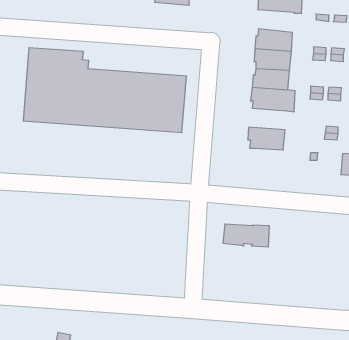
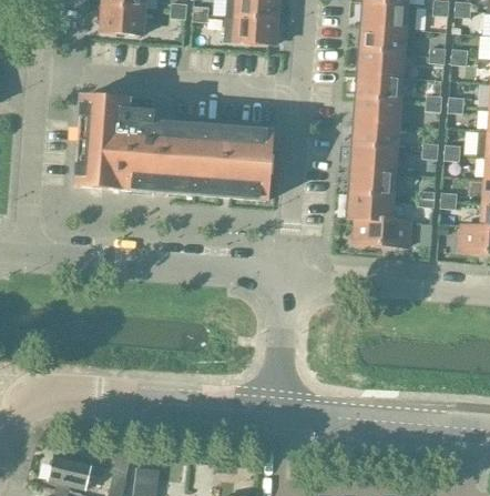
building: none -> [357,50,402,78]
building: none -> [347,170,394,196]
building: [223,224,269,247] -> [353,219,409,246]

